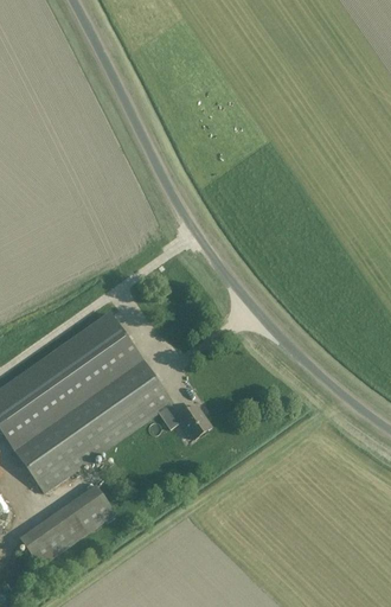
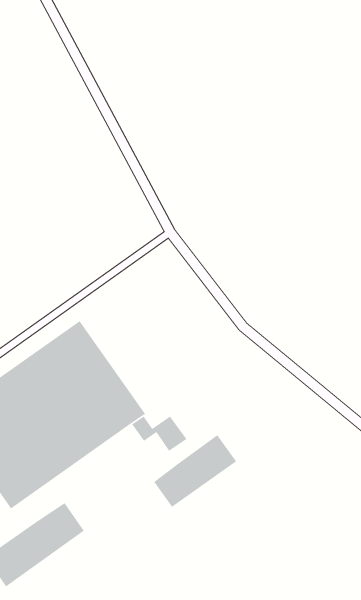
building: none -> [153,434,237,508]

